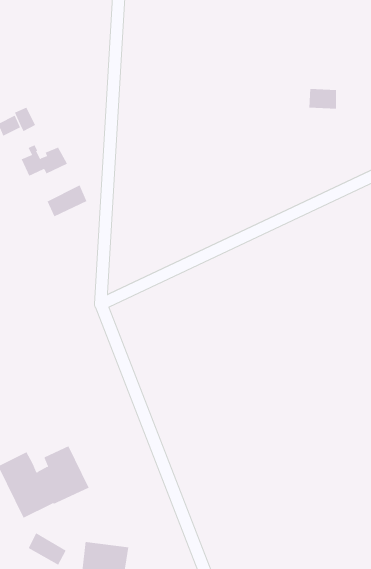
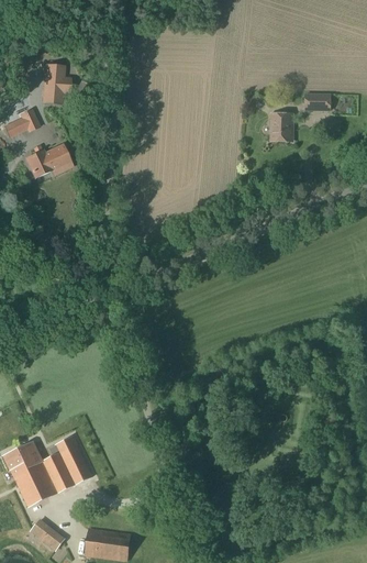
building: none -> [43,65,69,102]
building: none -> [270,113,292,141]
building: [47,184,87,217] -> none

